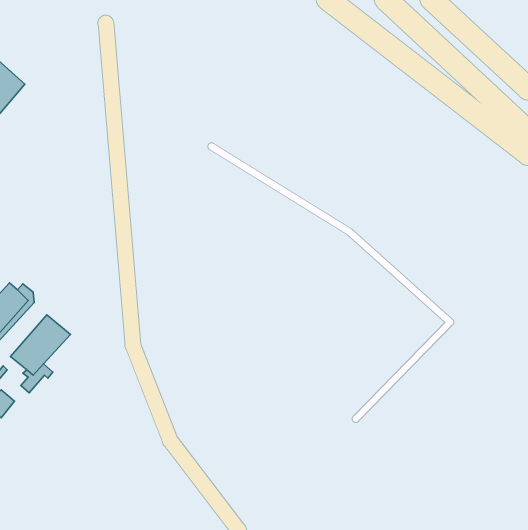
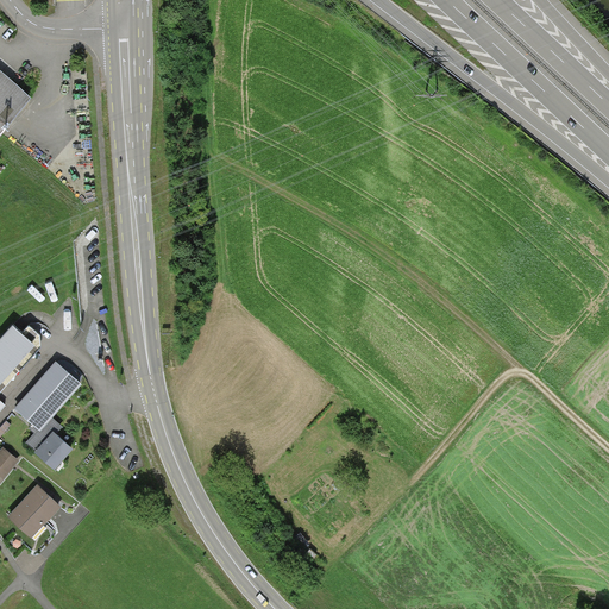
building: none -> [32,429,71,470]
building: none -> [5,483,59,538]

